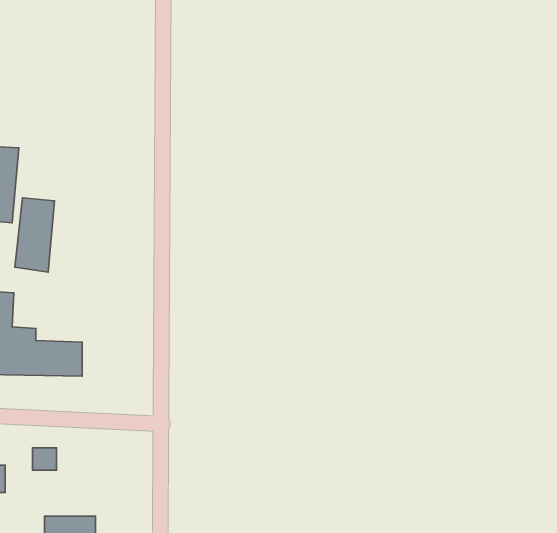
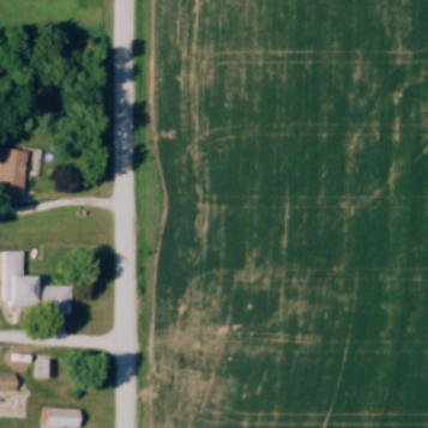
building: [15,198,55,272] -> none

